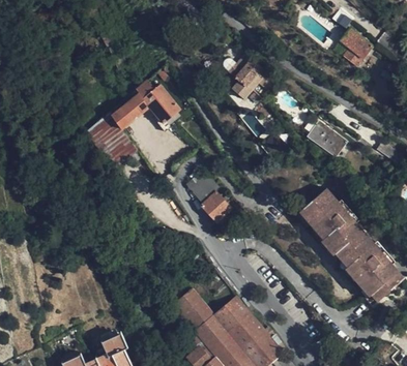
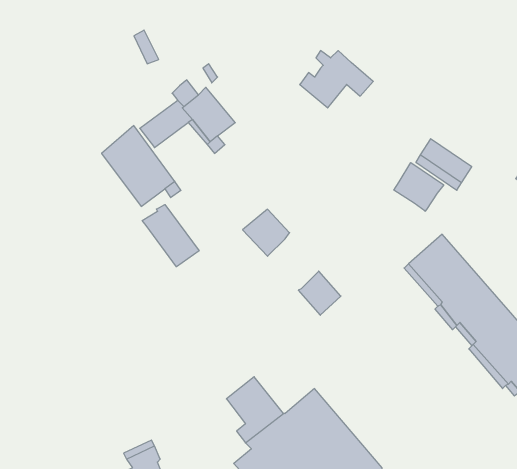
building: [340,28,373,66] -> none
building: none -> [394,163,444,211]
building: none -> [142,205,199,267]
building: [201,191,231,222] -> [298,271,341,315]

